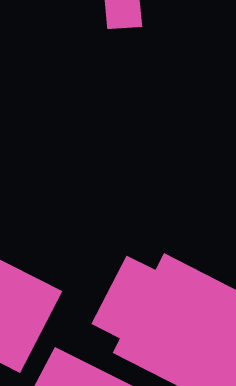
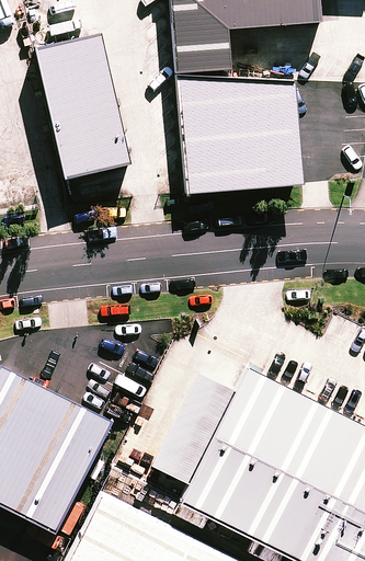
building: none -> [36,32,134,185]
building: none -> [179,76,301,193]

